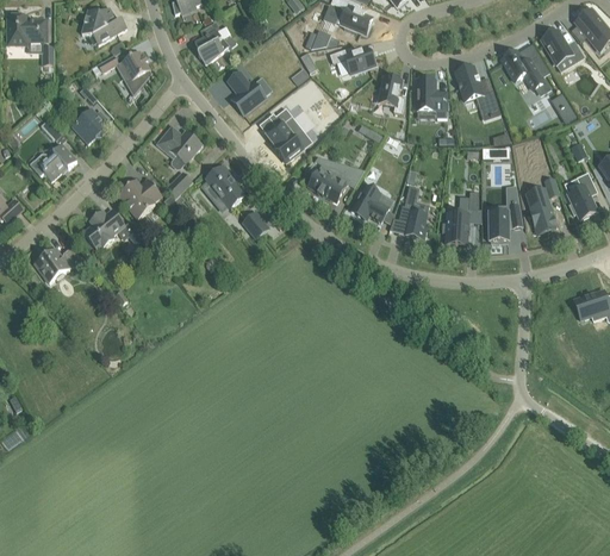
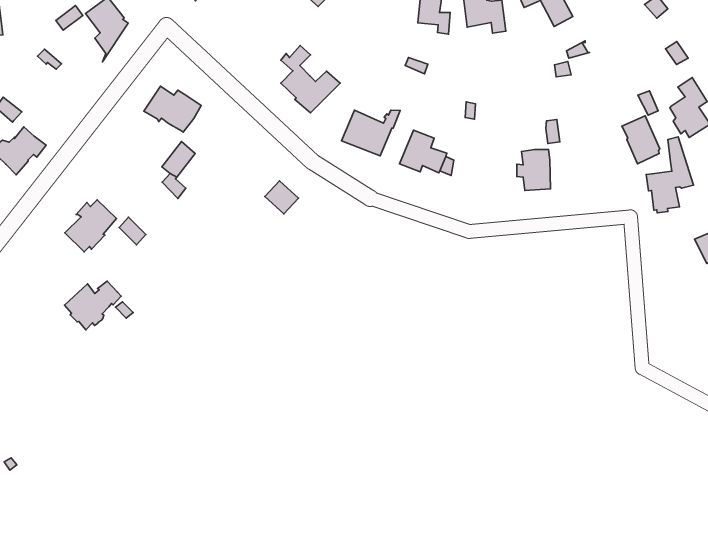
building: [228,70,264,113] -> none
building: [71,107,110,142] -> none
building: [205,164,244,206] -> none
building: [118,177,161,218] -> none
building: [398,185,428,238] -> none
building: [486,186,522,243] -> [646,137,693,213]
building: [35,246,80,282] -> [64,281,121,330]

